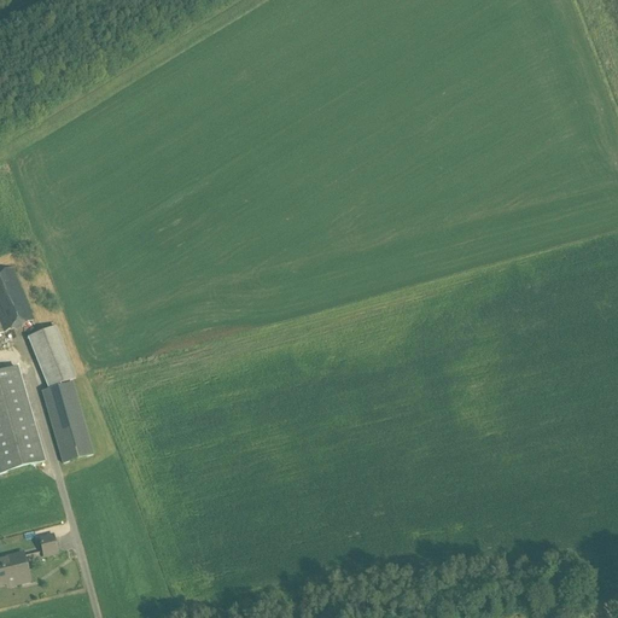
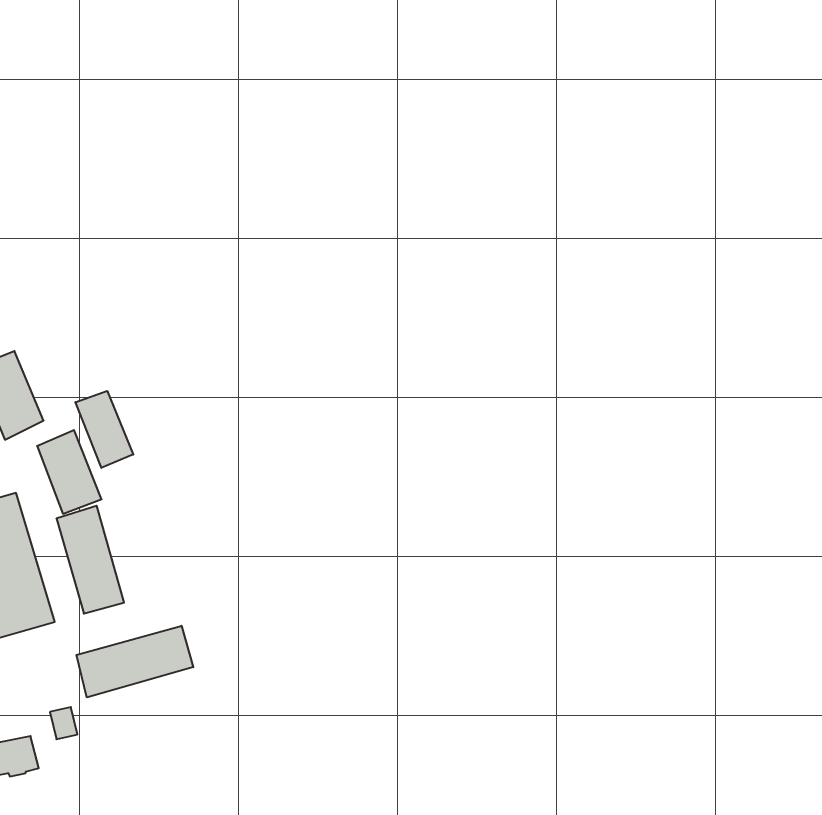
building: none -> [75,391,133,468]
building: none -> [76,626,193,697]

